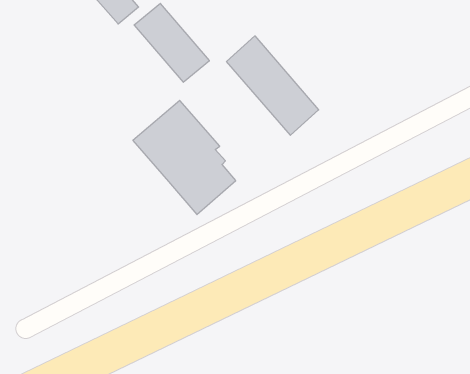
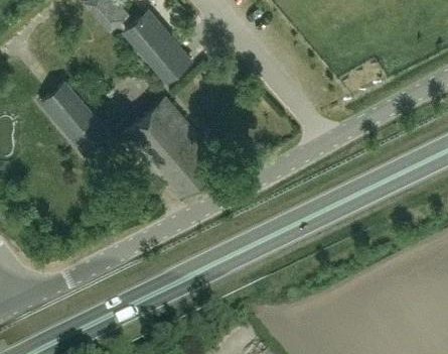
building: [227,36,319,135] -> none
building: none -> [41,83,108,152]

